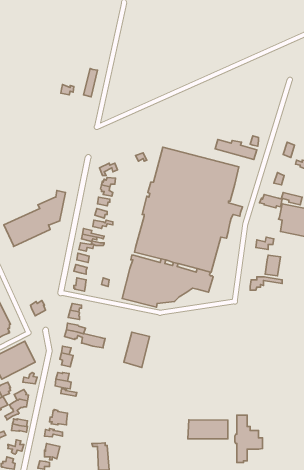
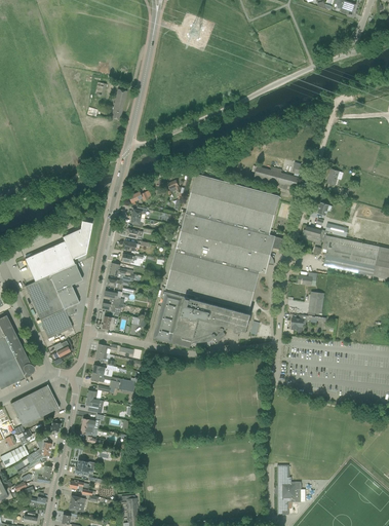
building: none -> [25,264,82,339]
building: [124,332,149,367] -> none
building: [188,420,228,439] -> none

